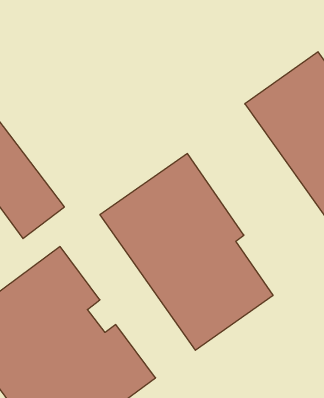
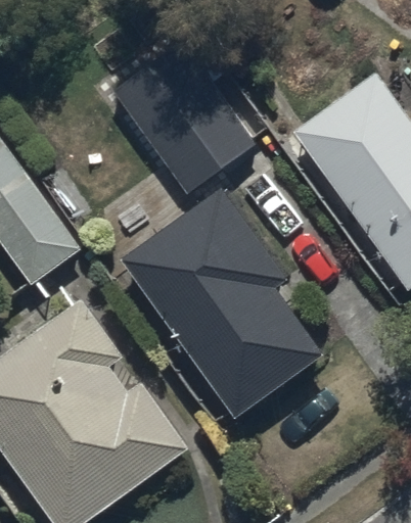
building: none -> [117,46,257,193]

